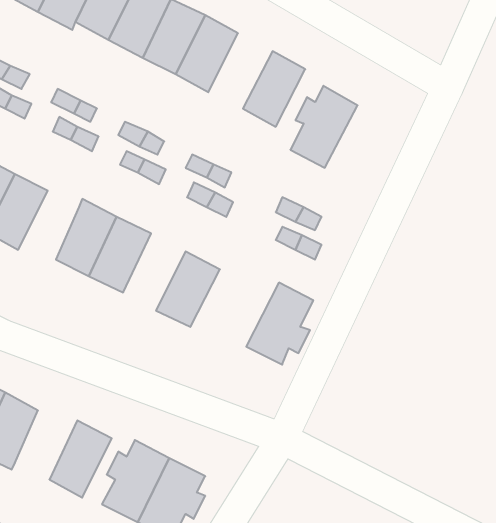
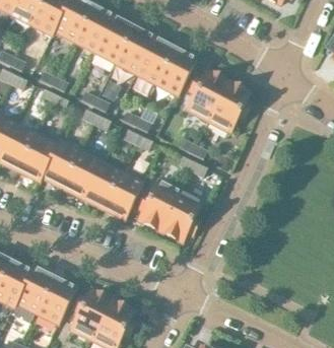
building: none -> [136,37,176,83]
building: none -> [208,81,251,131]
building: none -> [18,134,56,181]
building: none -> [83,160,122,208]
building: none -> [138,180,180,230]
building: none -> [16,265,55,312]

